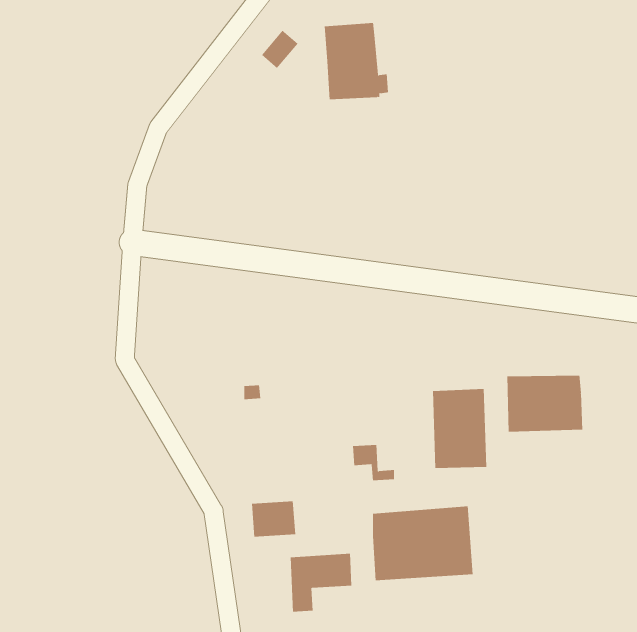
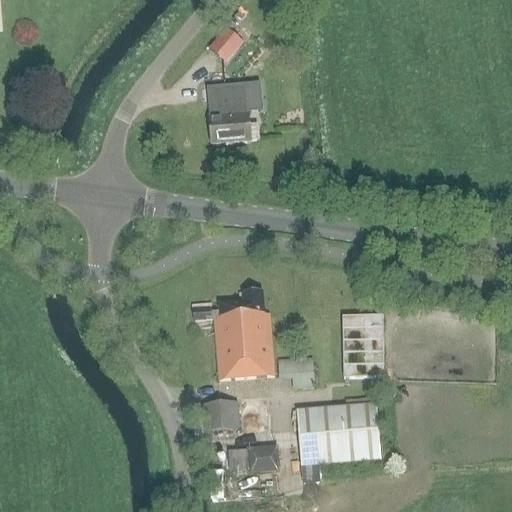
building: [324,23,389,100] -> [207,81,259,143]
building: none -> [214,291,273,378]
building: [507,375,583,433] -> none

